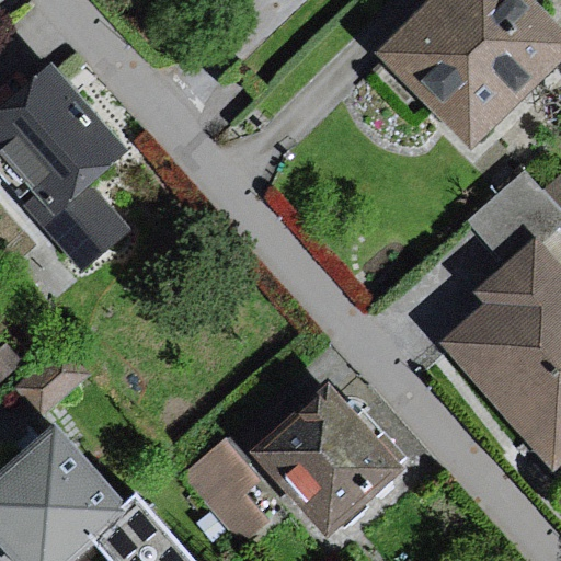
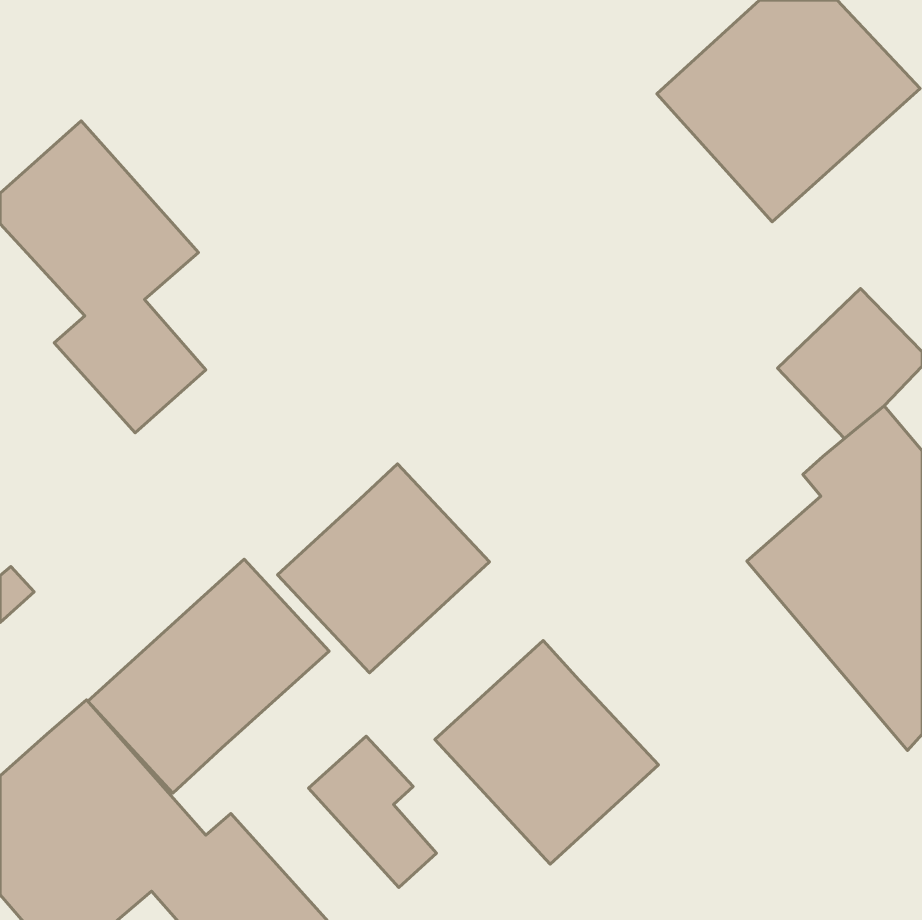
building: none -> [277,464,489,673]
building: none -> [88,559,329,793]

